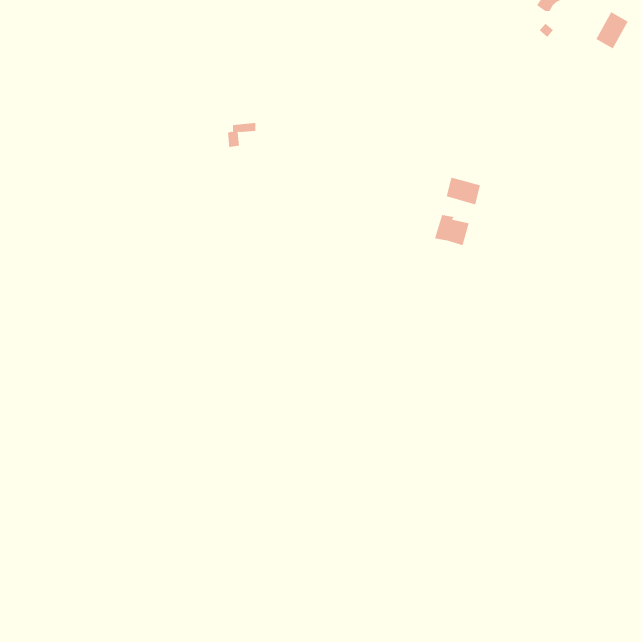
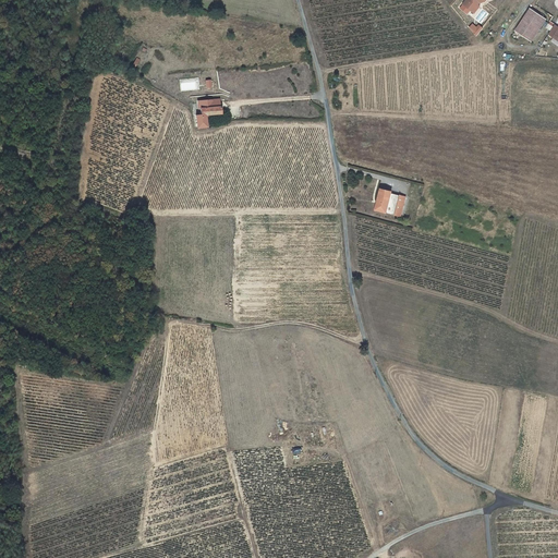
building: [446,177,481,205] -> none

